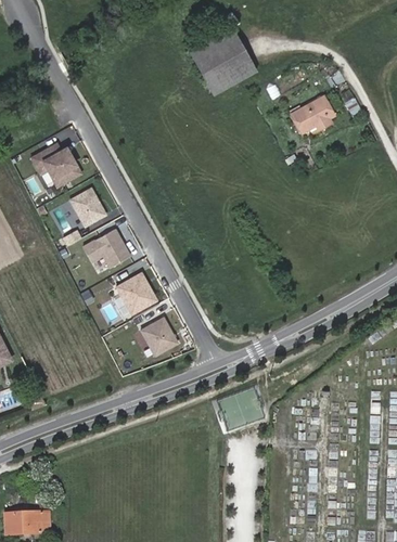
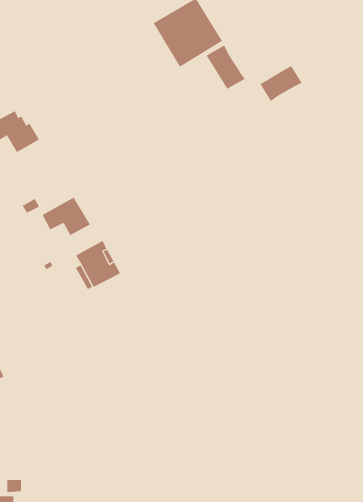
building: none -> [206,45,245,90]
building: [71,186,105,223] -> none
building: [140,314,177,353] -> none

